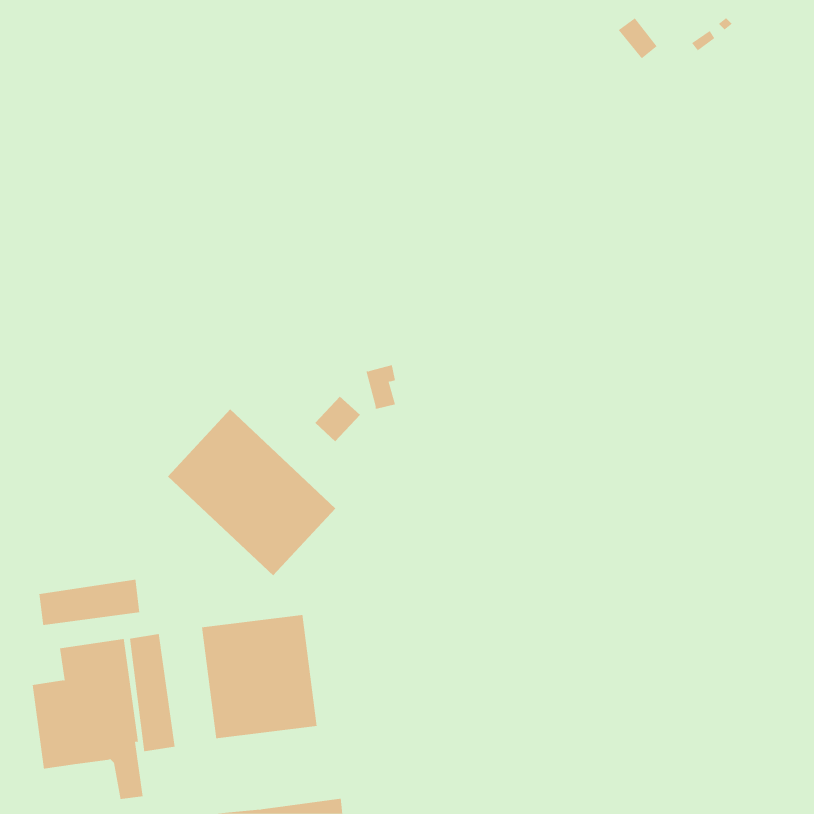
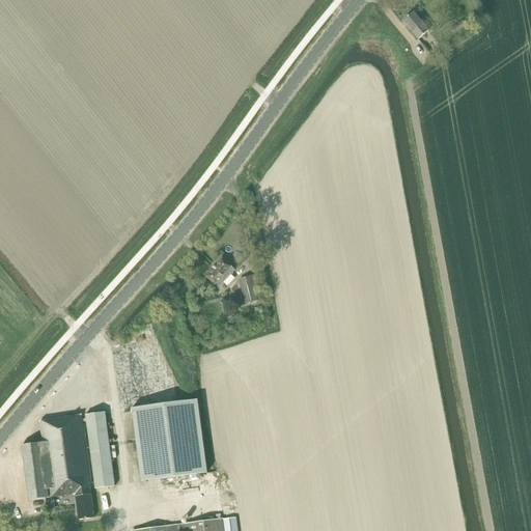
building: [365,365,396,409] -> [237,274,257,303]
building: [167,409,336,576] -> none
building: [39,579,140,626] -> none

